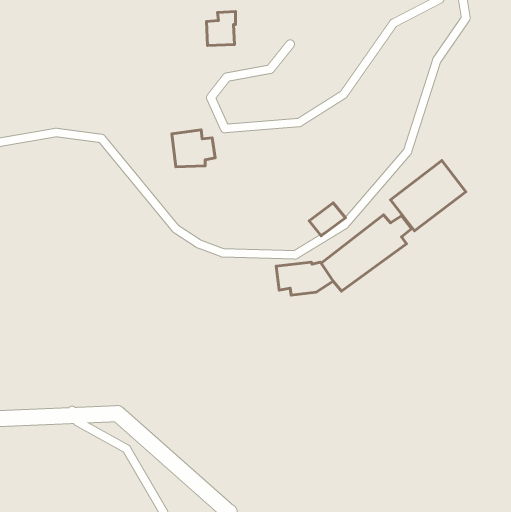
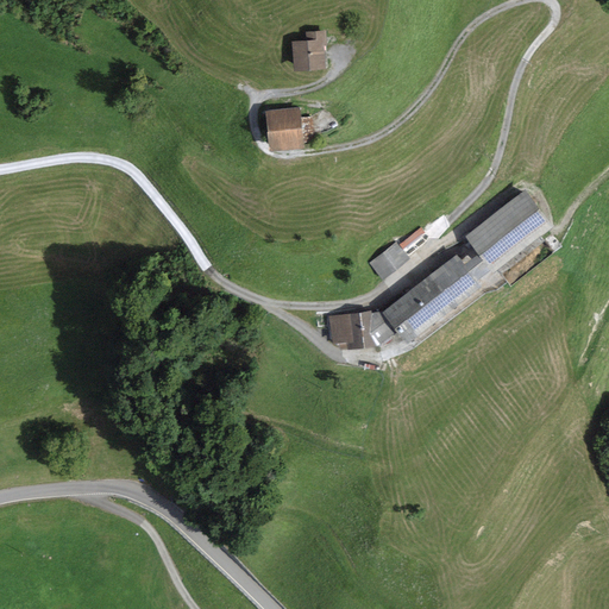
building: [207,11,236,46] -> [290,30,325,70]
building: [172,130,215,167] -> [263,106,314,150]

